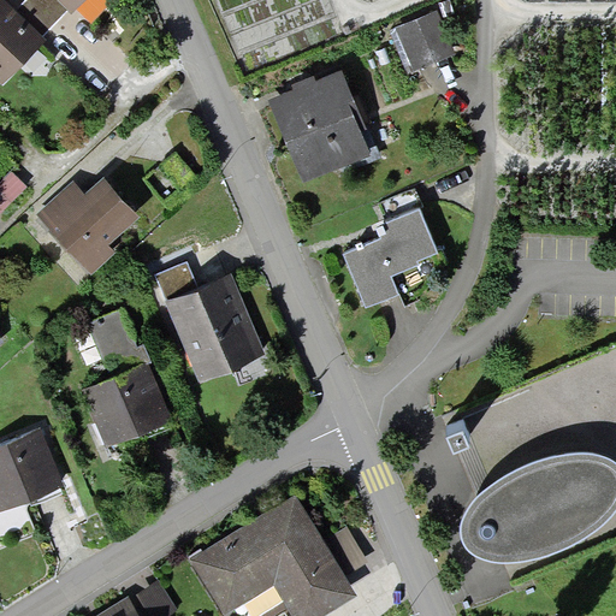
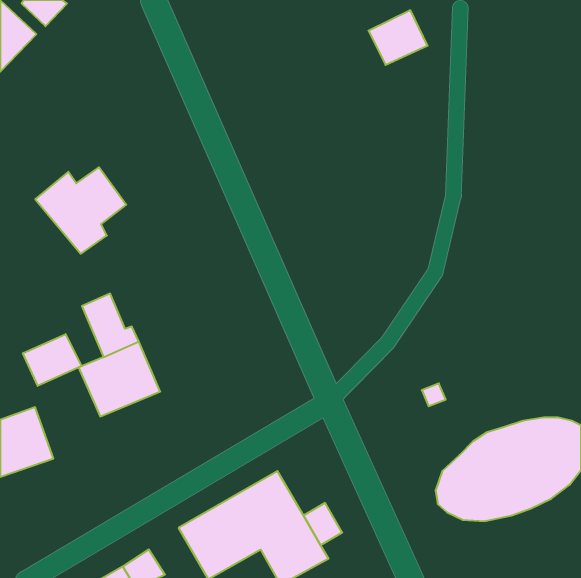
building: [273,76,373,180] -> none
building: [344,209,438,307] -> none
building: [161,278,260,380] -> none
building: none -> [23,334,81,386]

